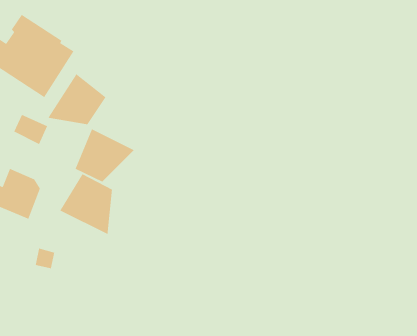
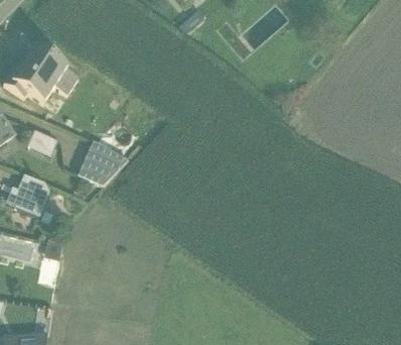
building: [47,73,106,125] -> none
building: [59,173,113,235] -> none

